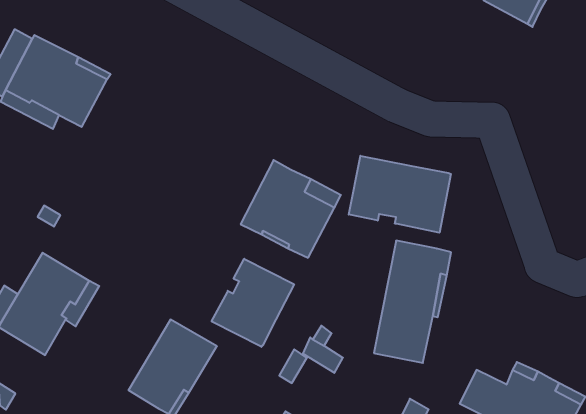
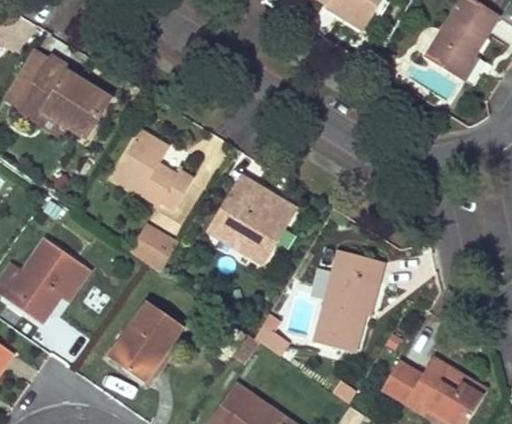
building: none -> [112,129,193,209]
building: [349,156,451,233] -> none
building: none -> [130,224,177,271]
building: [212,259,294,347] -> none

